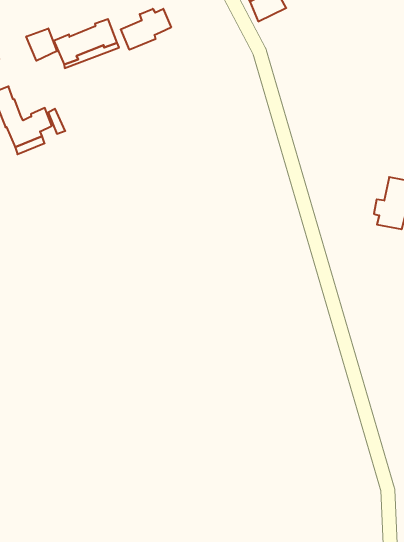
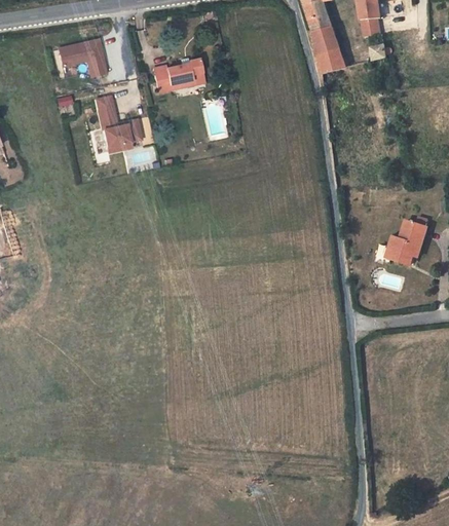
building: [121,9,171,50] -> none
building: [26,28,57,61] -> none

